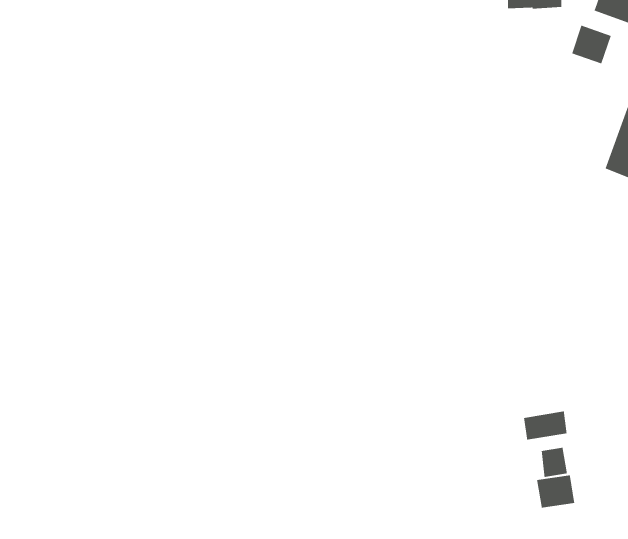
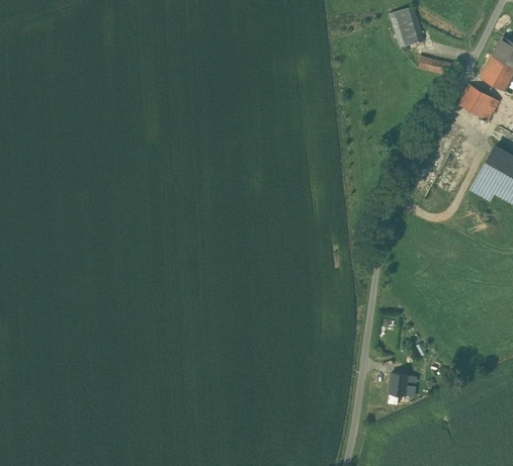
building: [523,411,567,441] -> none
building: [536,475,575,508] -> none

